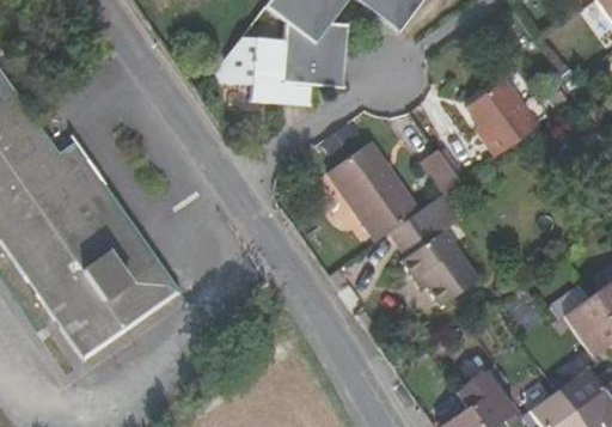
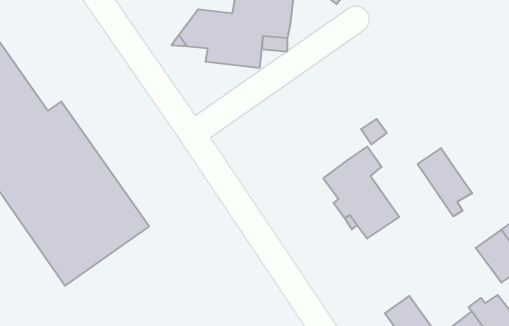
building: [465,79,538,157] -> none
building: [325,144,415,242] -> none
building: none -> [418,148,472,216]

